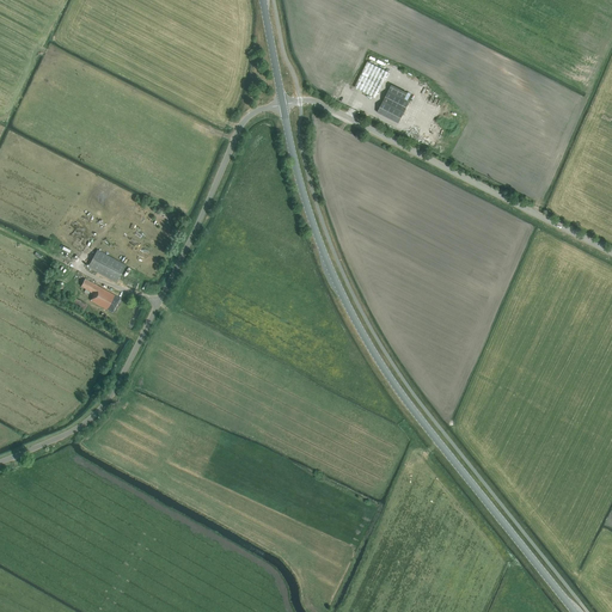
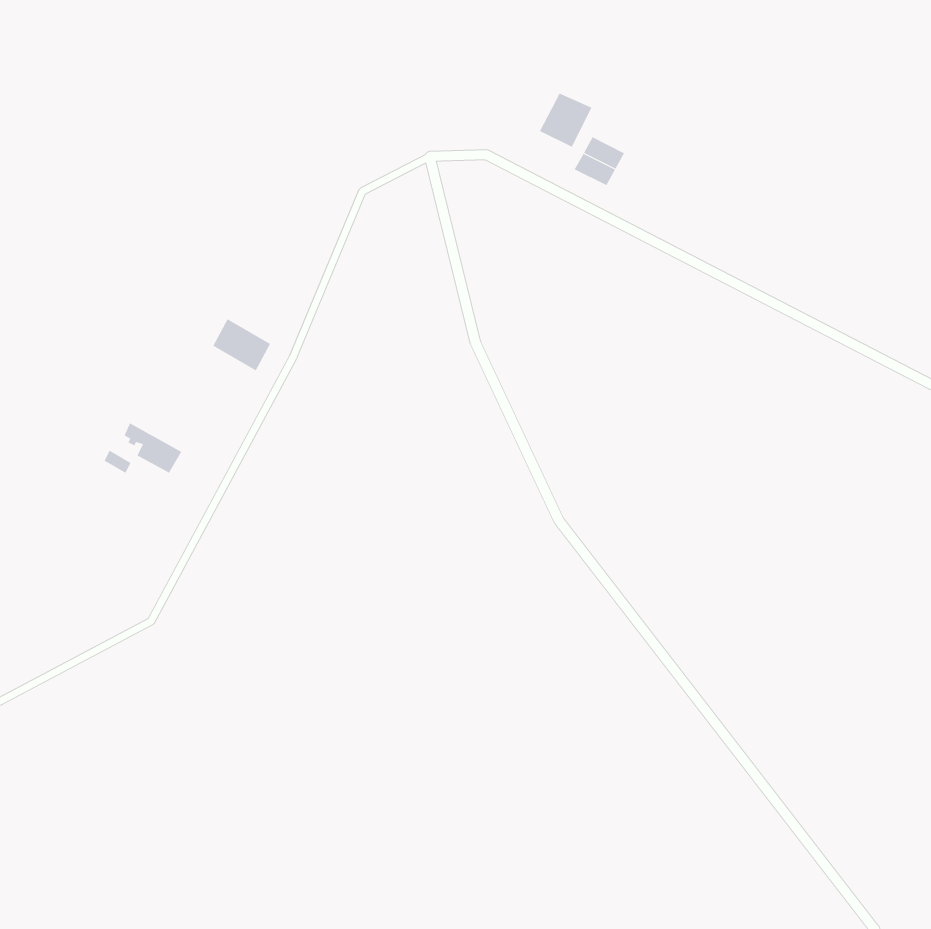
building: [87,247,126,282] -> [213,318,271,371]

